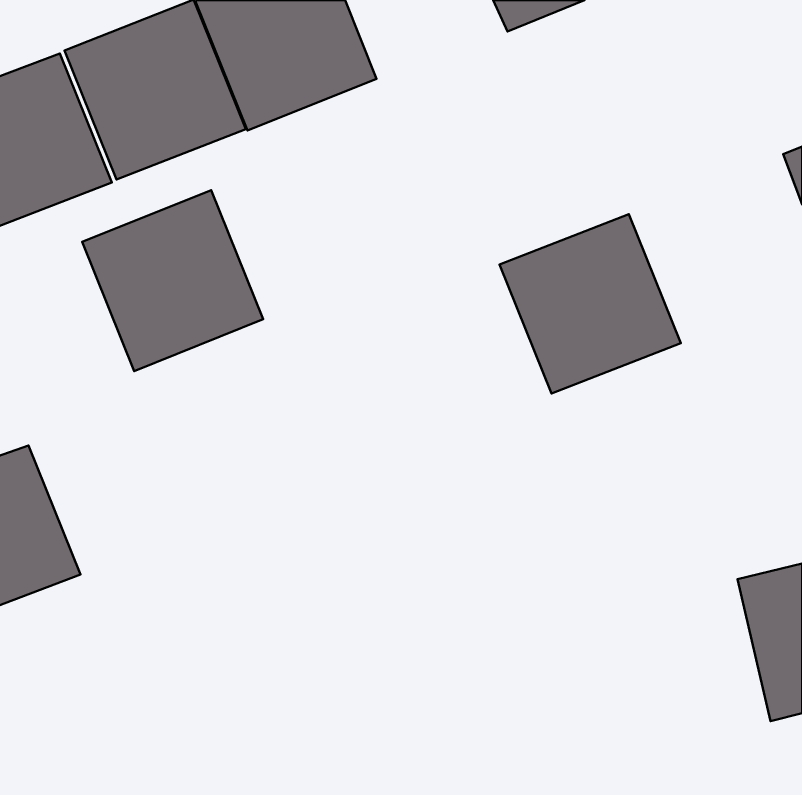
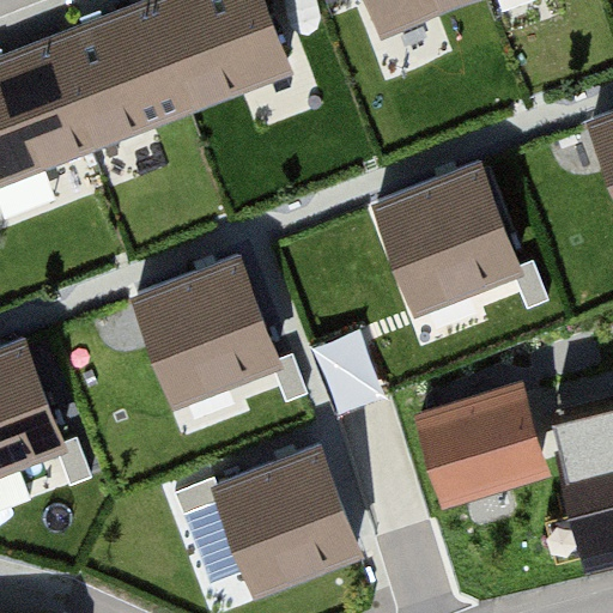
building: [82,190,263,371] -> [141,263,279,401]
building: none -> [420,393,540,500]
building: none -> [219,453,357,590]

